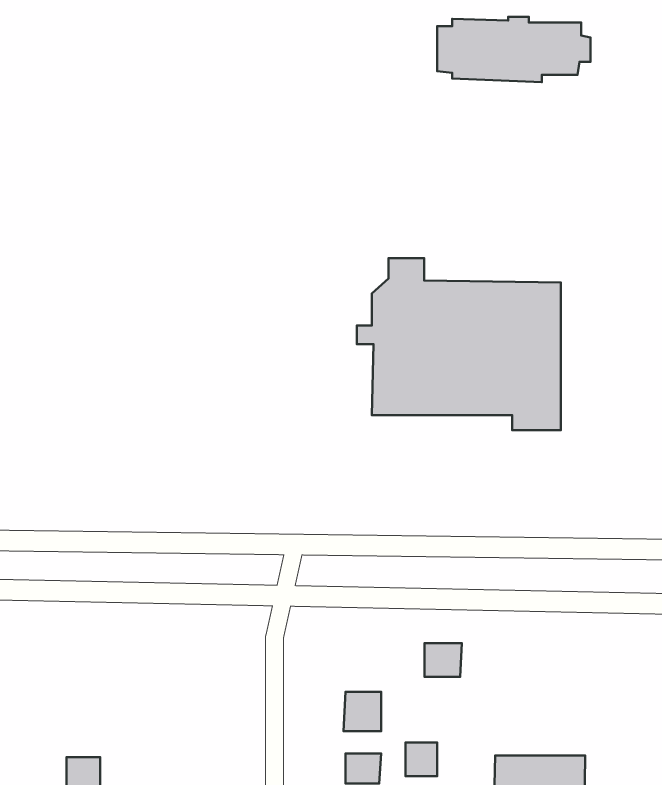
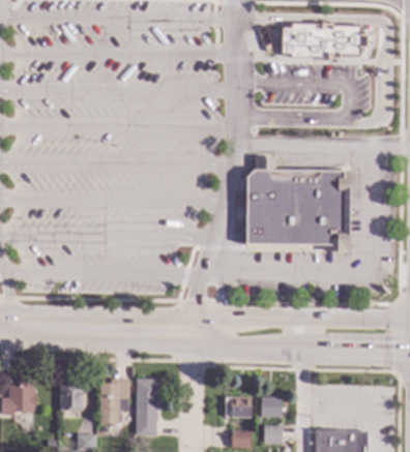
building: [424,643,462,677] -> [261,397,282,416]
building: none -> [59,376,82,411]
building: none -> [99,379,128,423]
building: none -> [135,379,156,435]

